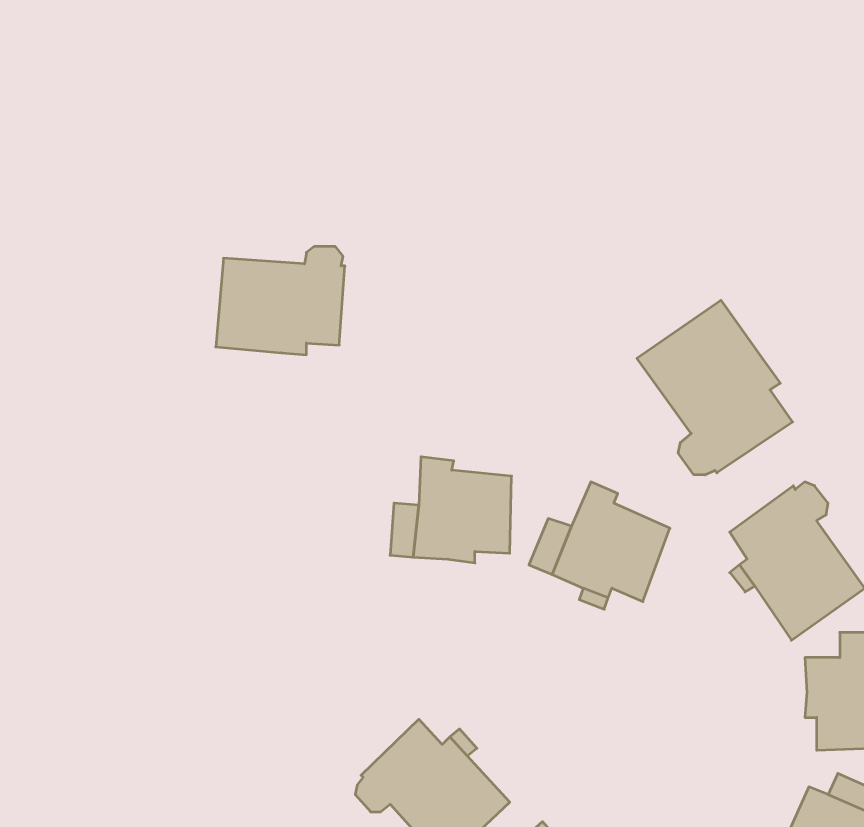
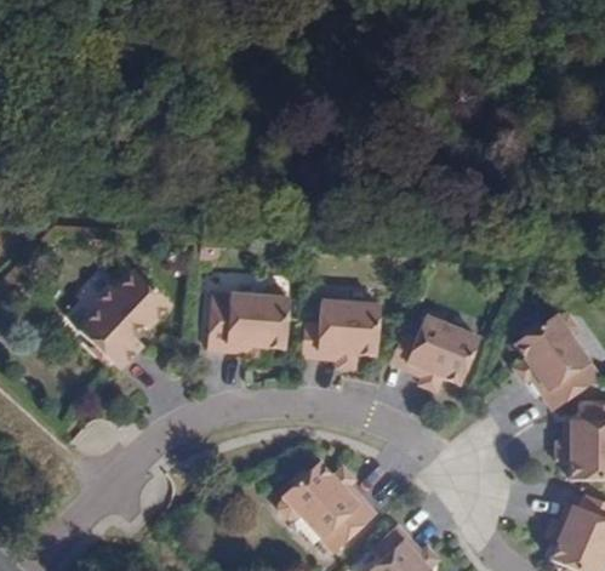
building: [216,247,345,355] -> [207,285,289,353]
building: [637,300,793,475] -> none
building: none -> [79,269,169,366]

